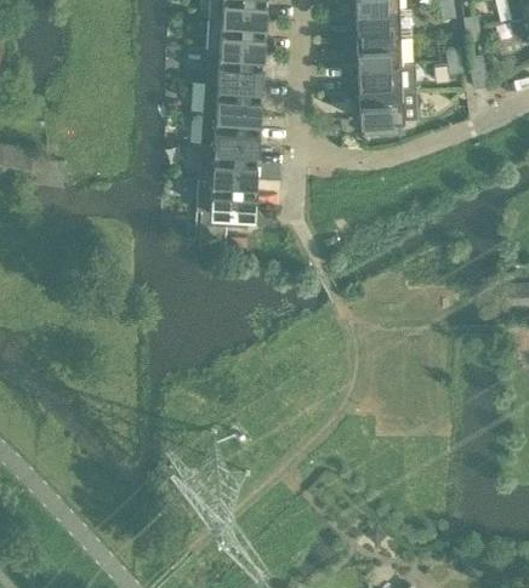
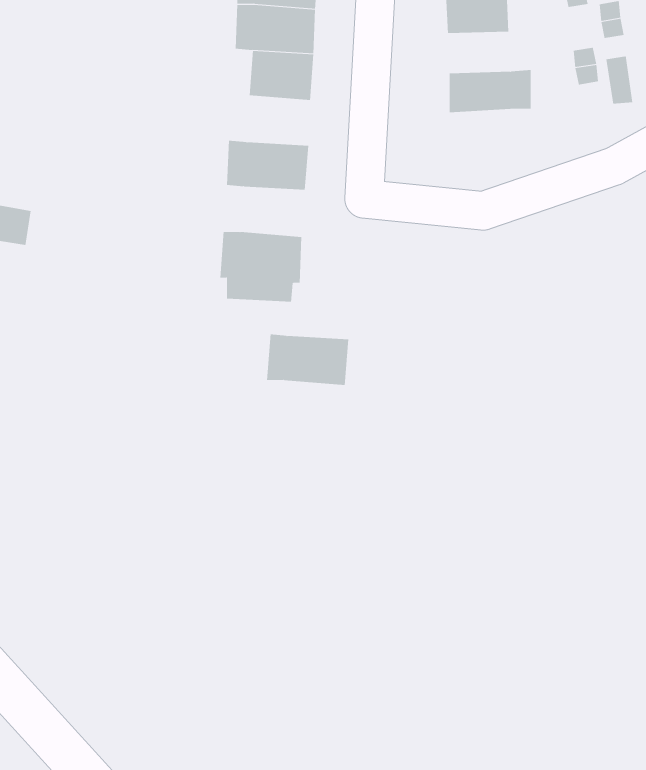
building: [357,35,402,64] -> none
building: [203,80,261,115] -> none
building: [358,90,403,135] -> none
building: [199,143,257,179] -> [266,334,349,386]

